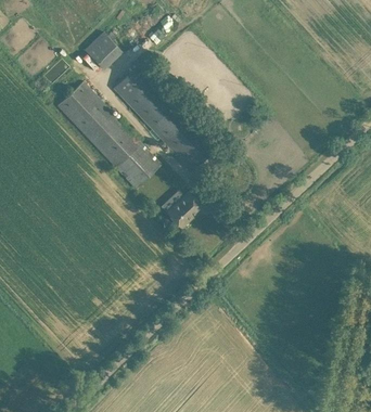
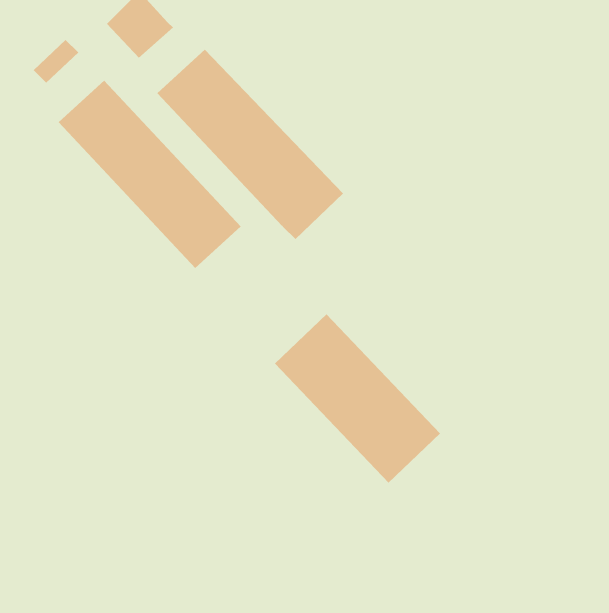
building: [165,192,200,228] -> none
building: none -> [274,313,441,484]

